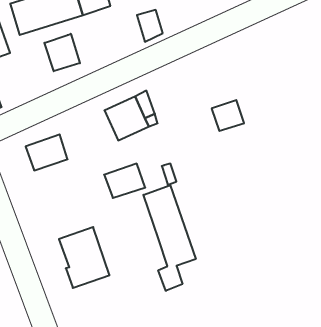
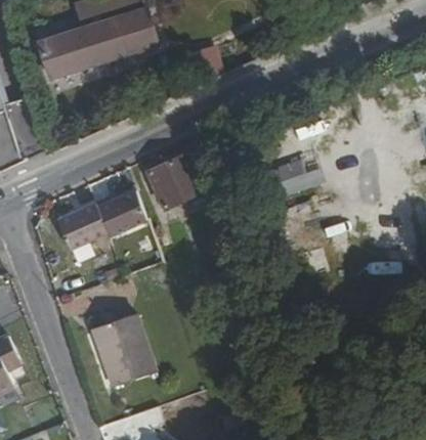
building: [44,34,80,71] -> none
building: [104,164,145,198] -> [95,189,144,230]
building: [143,185,196,291] -> none

